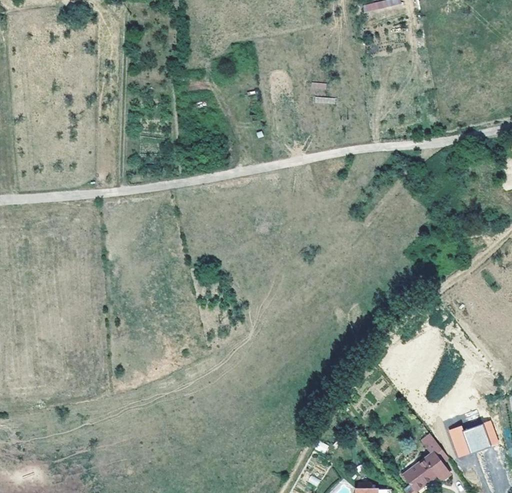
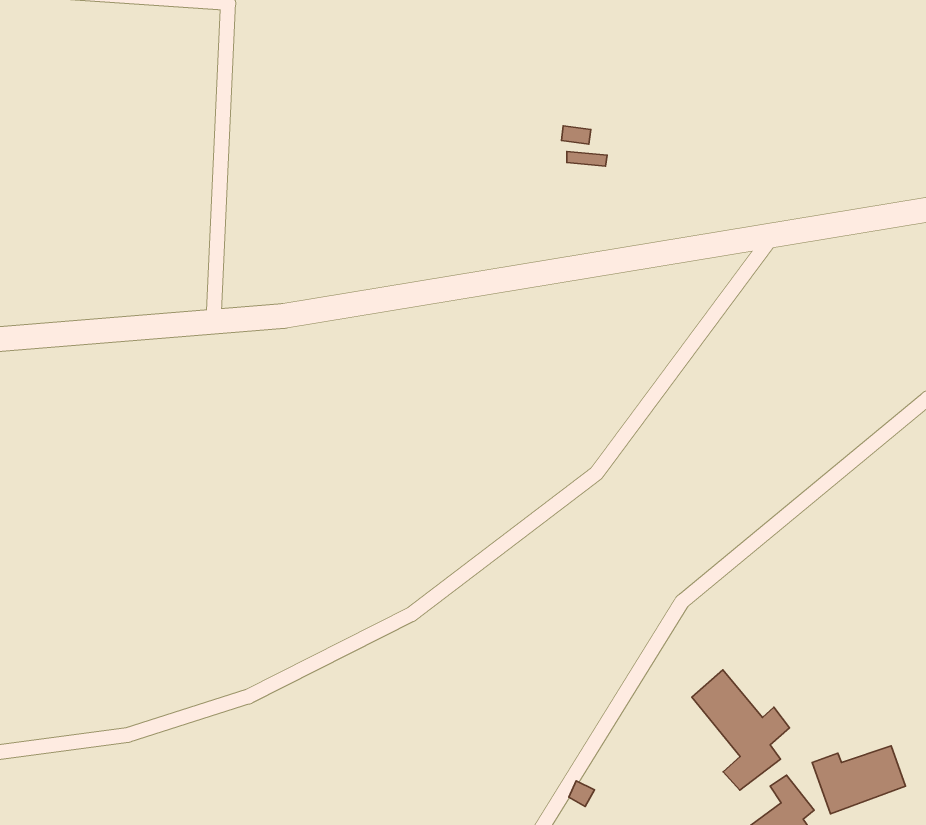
building: none -> [692,670,790,790]

